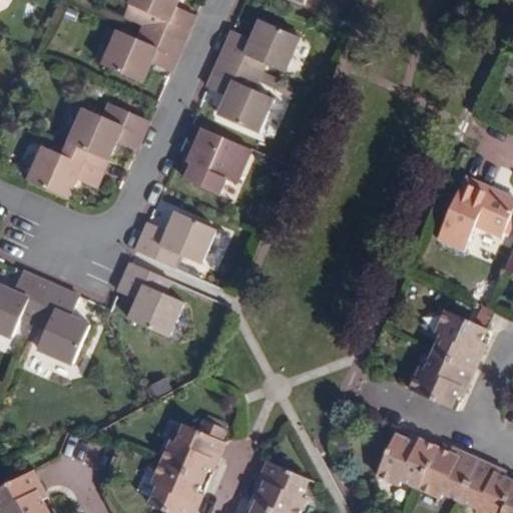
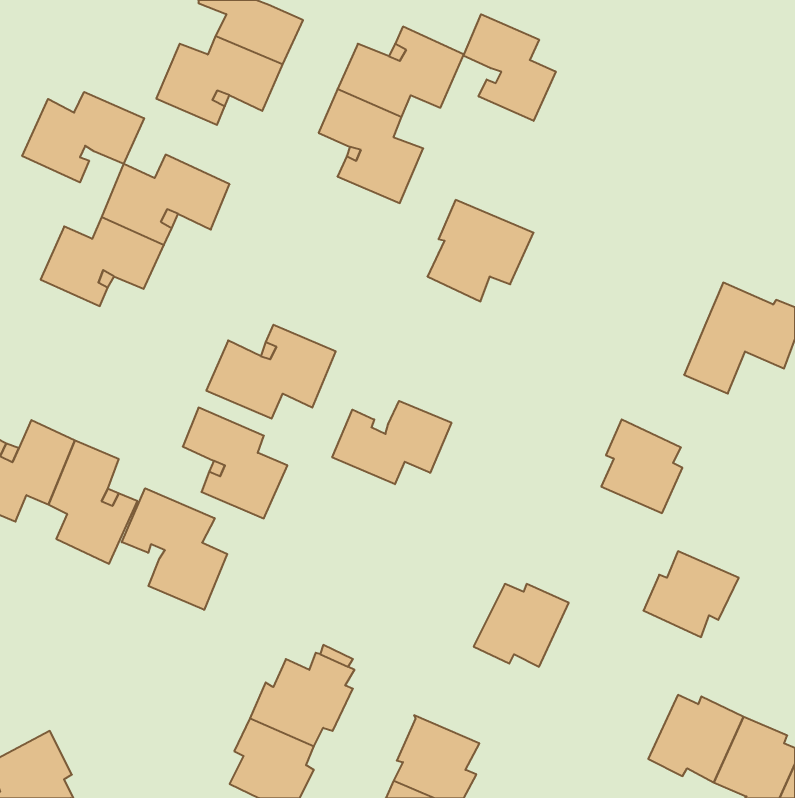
building: none -> [463,14,556,121]
building: none -> [22,92,144,182]
building: [184,128,252,193] -> [427,200,534,301]
building: none -> [332,401,451,484]
building: [435,311,487,371] -> [601,419,682,513]
building: none -> [122,488,227,610]
building: [374,434,435,487] -> [474,584,569,667]

